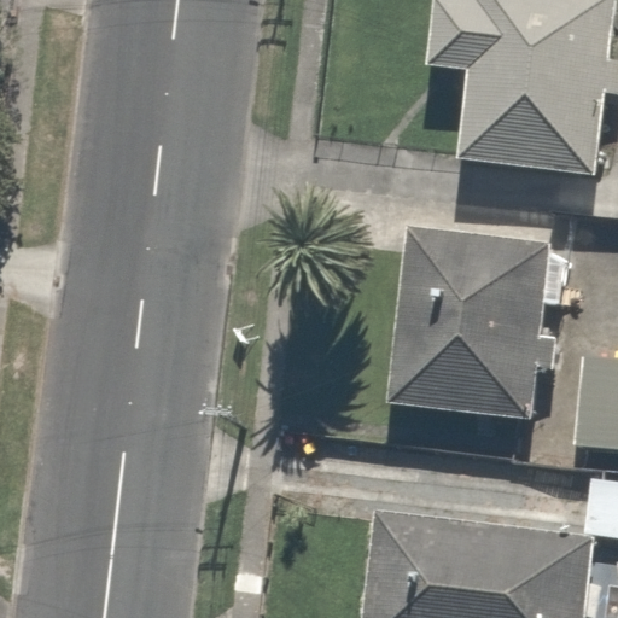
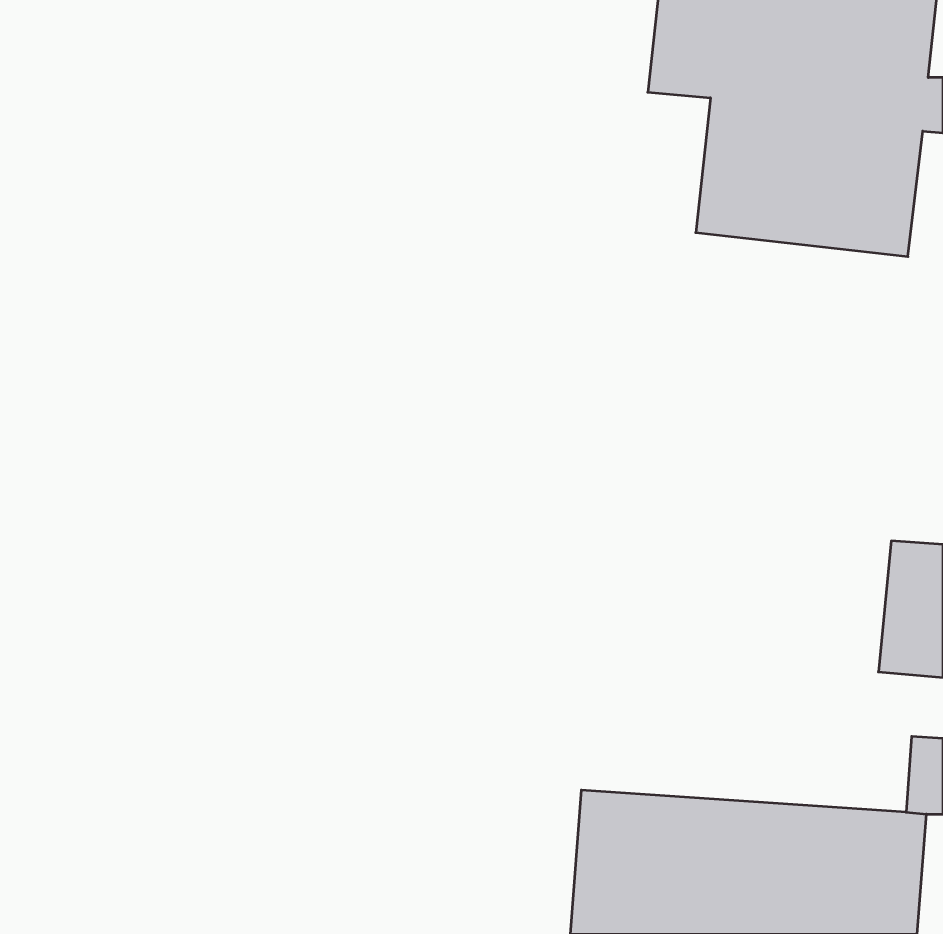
building: [396,234,560,426] -> none

